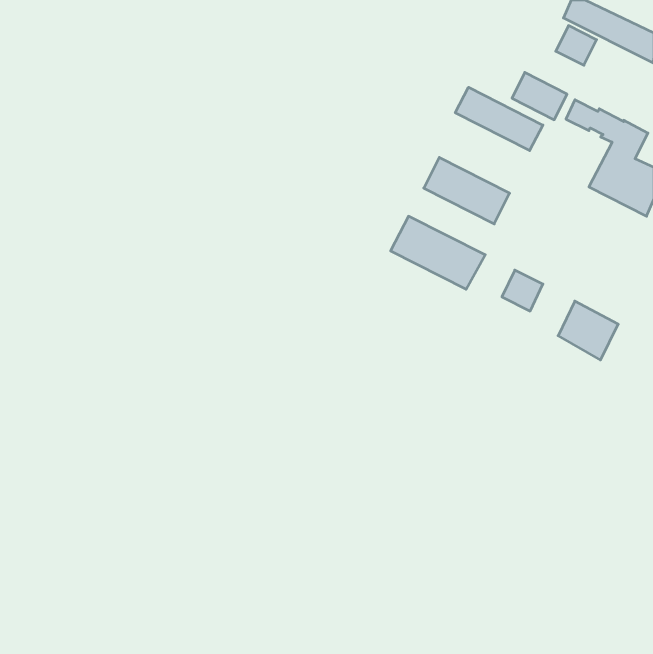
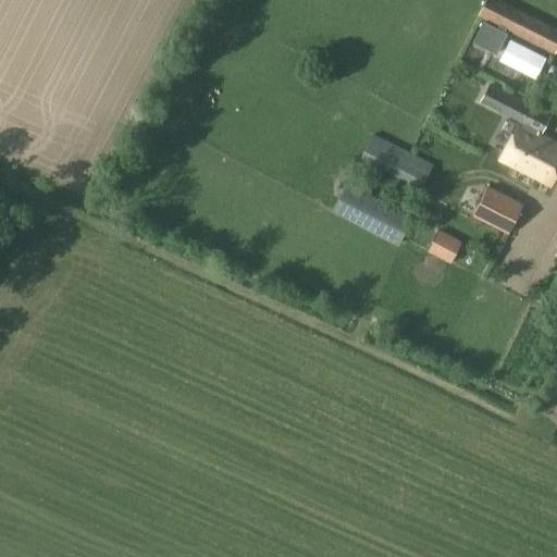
building: [512,72,567,120] -> [499,39,546,79]
building: [455,87,543,151] -> none
building: [558,301,618,360] -> [473,184,524,234]

